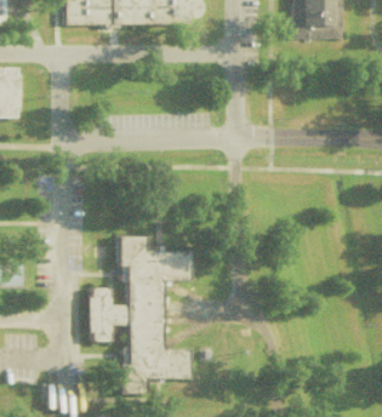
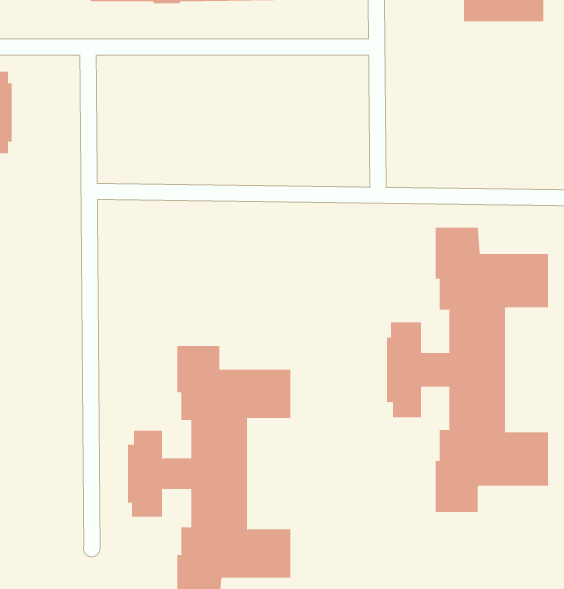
building: none -> [387,227,548,513]

